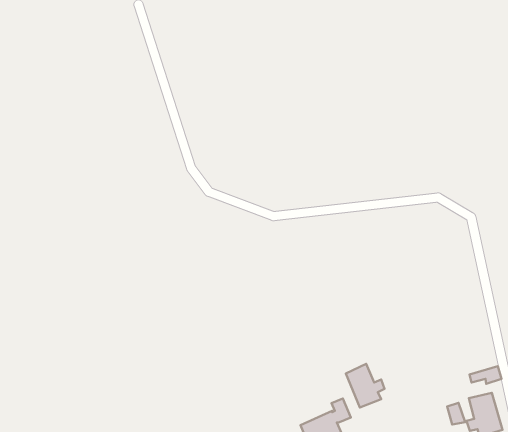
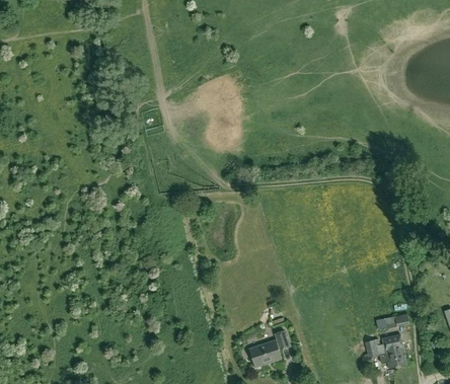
building: [346,364,385,407] -> none

